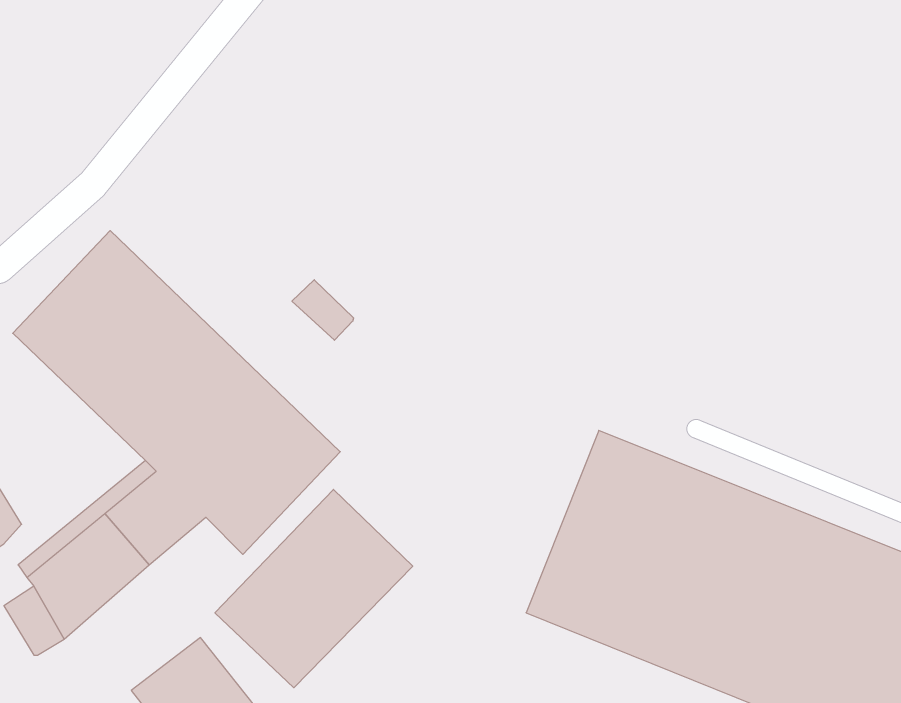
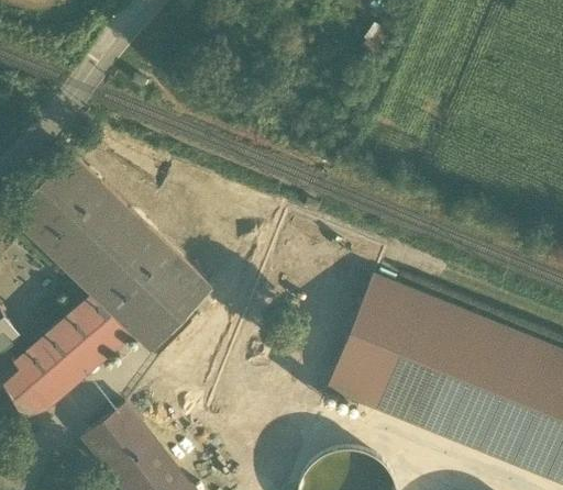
building: [292,280,353,340] -> none
building: [215,489,413,688] -> none

